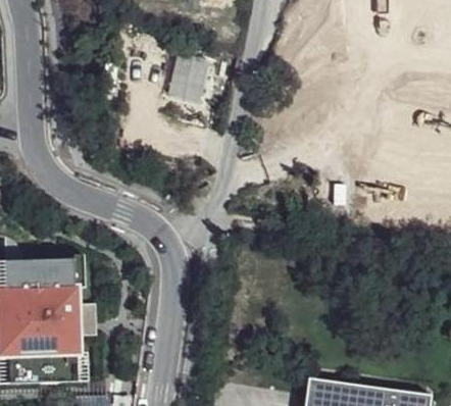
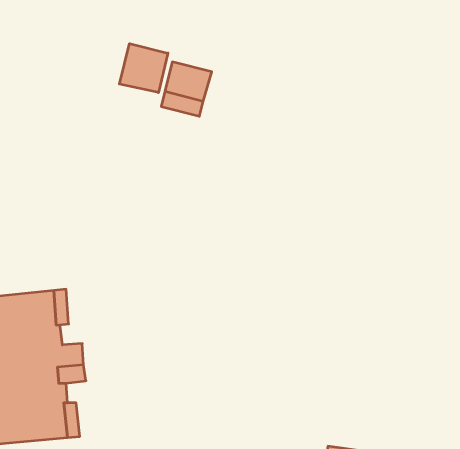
building: none -> [119,44,168,93]

